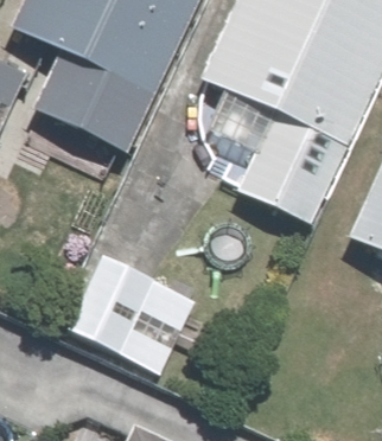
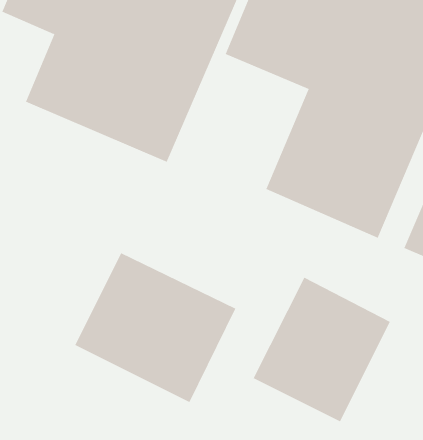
building: none -> [253,277,390,422]

